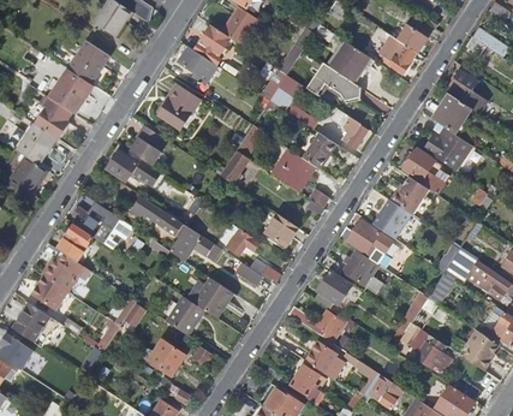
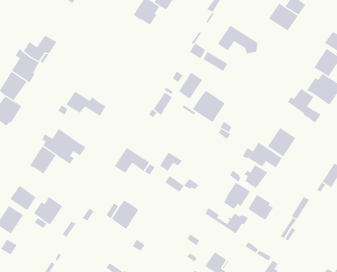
building: [327,38,368,81] -> none
building: [67,40,109,83] -> none
building: [178,46,217,84] -> none
building: [160,84,199,129] -> none
building: [332,108,369,148] -> none
building: [129,124,161,166] -> none
building: [304,132,336,168] -> [178,72,203,99]
building: [389,176,431,218] -> none
building: [131,195,181,234] -> none
building: [267,213,299,245] -> none
building: [44,252,84,291] -> [33,196,63,225]
building: [195,278,237,316] -> none
building: [417,333,453,369] -> none
building: [149,339,185,375] -> none
building: [305,340,340,375] -> [248,194,274,221]

